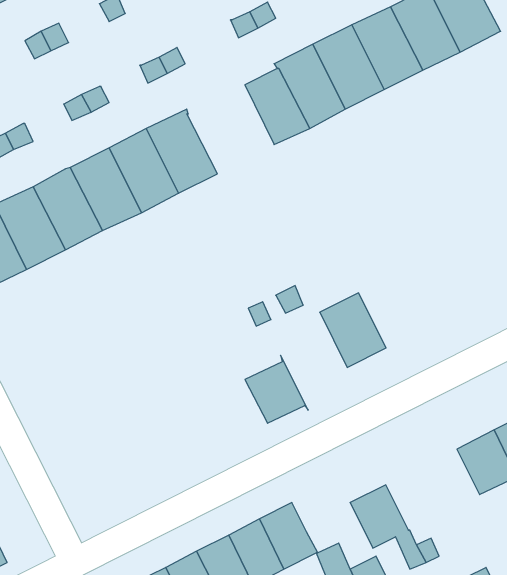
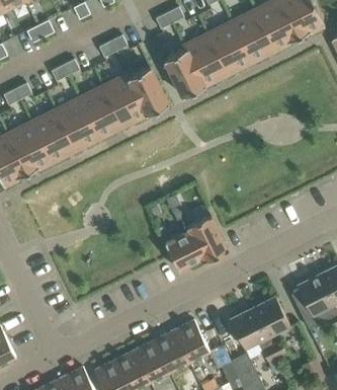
building: none -> [128,67,168,114]
building: [320,293,386,367] -> [186,216,228,262]
building: none -> [252,297,289,337]

